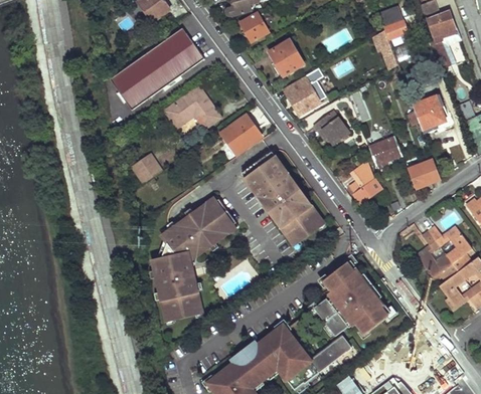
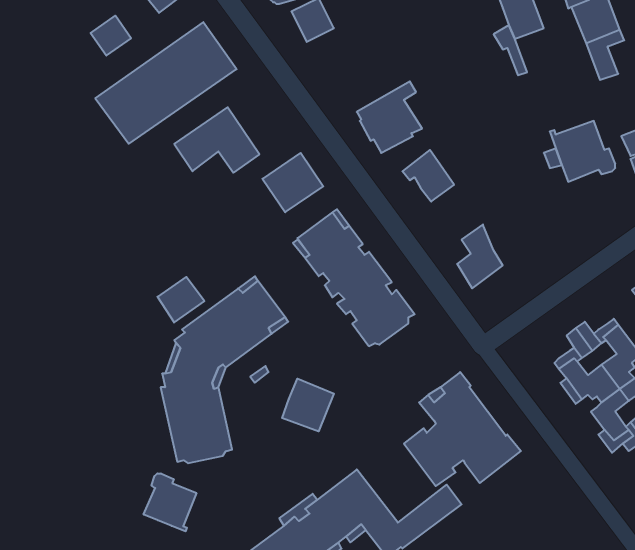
building: none -> [91,16,131,56]
building: [268,38,303,75] -> none
building: [367,137,400,165] -> none
building: [131,153,162,183] -> [157,277,204,323]
building: [410,163,440,187] -> none
building: none -> [282,379,334,431]
building: none -> [144,473,196,531]

